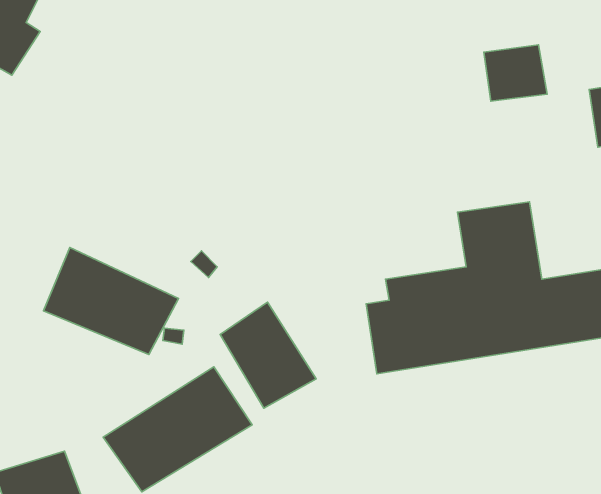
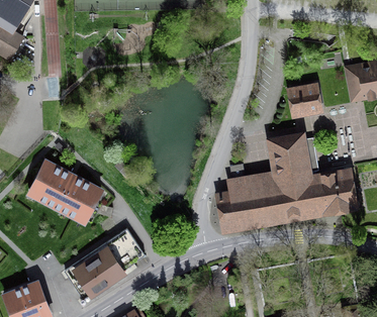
building: [484,45,547,101] -> [289,85,325,117]
building: [220,302,316,408] -> none

